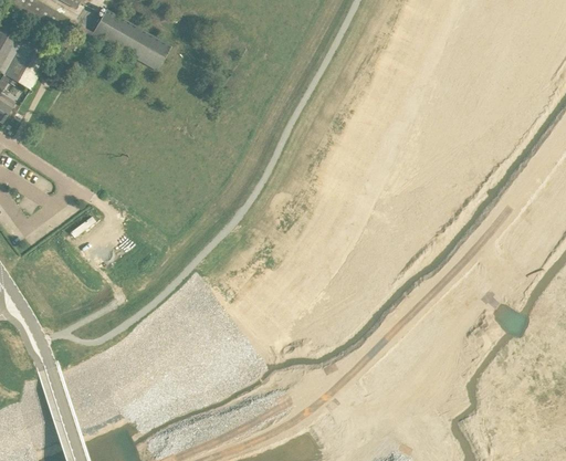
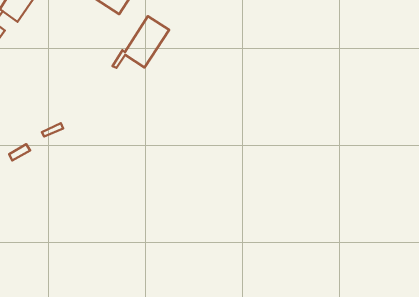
building: none -> [113,16,169,68]

